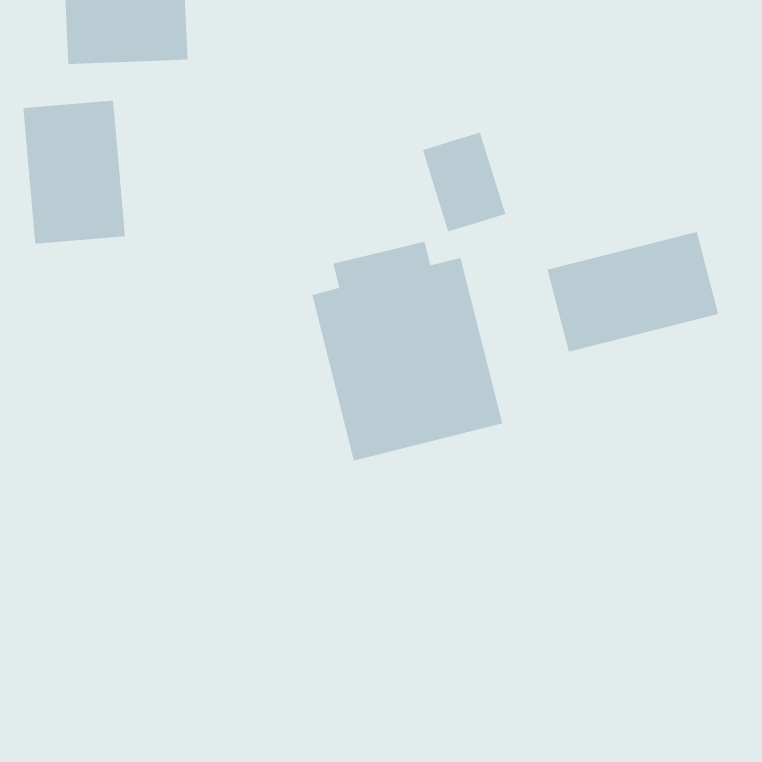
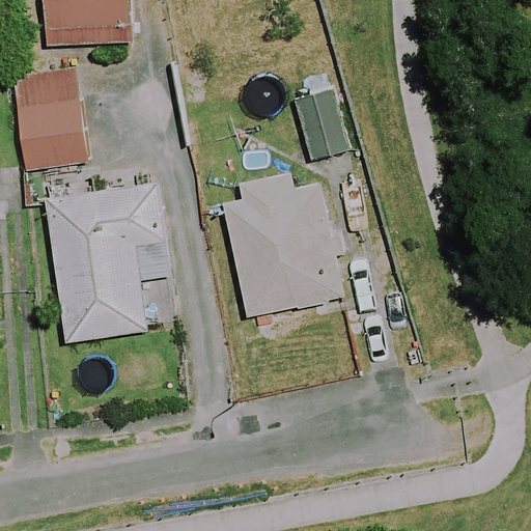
building: [547,231,719,352] -> none
building: none -> [48,185,167,341]

